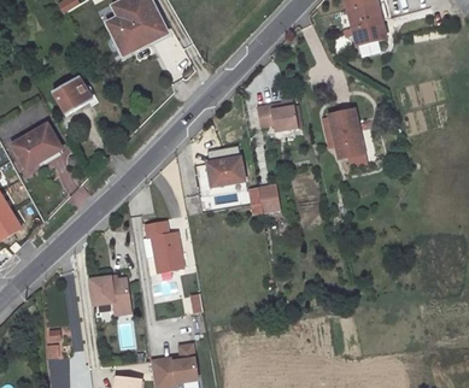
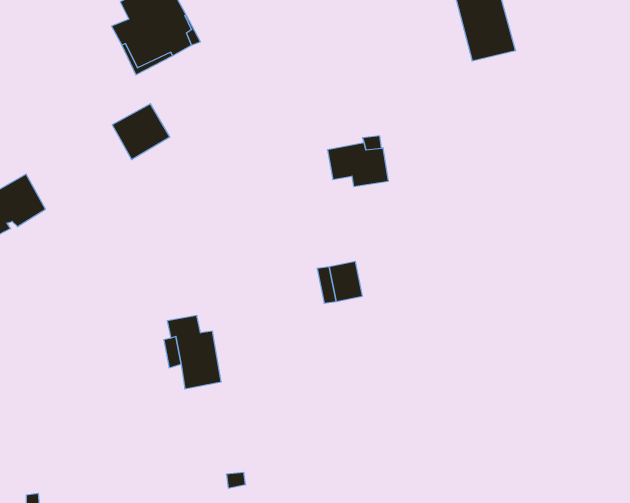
building: [52,76,92,114] -> [112,104,170,160]
building: [322,108,359,159] -> none
building: [206,157,244,186] -> none
building: [89,276,130,314] -> none

